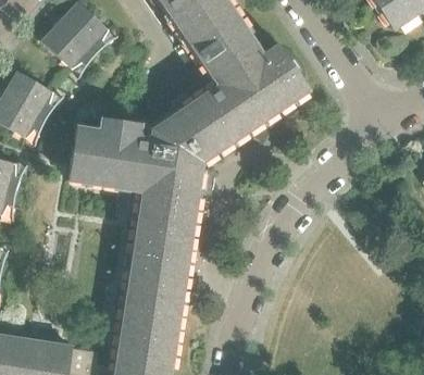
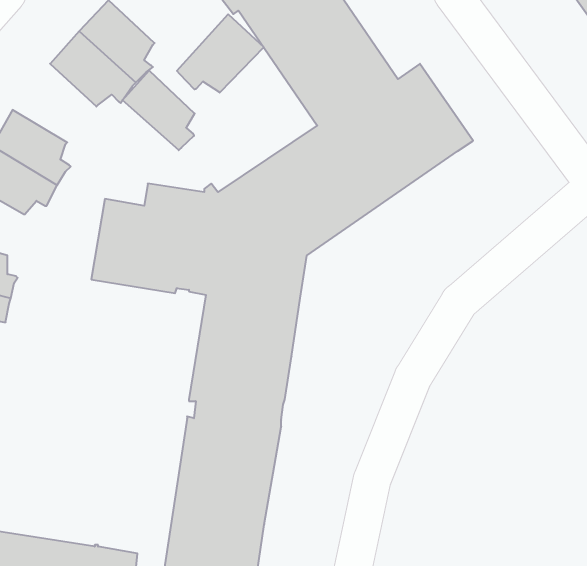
building: none -> [177,14,264,93]
building: none -> [122,71,195,150]

